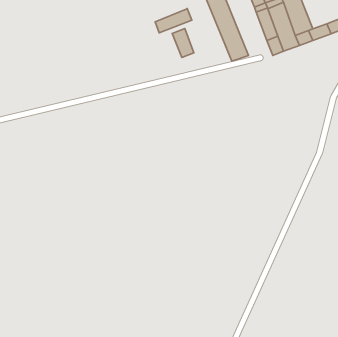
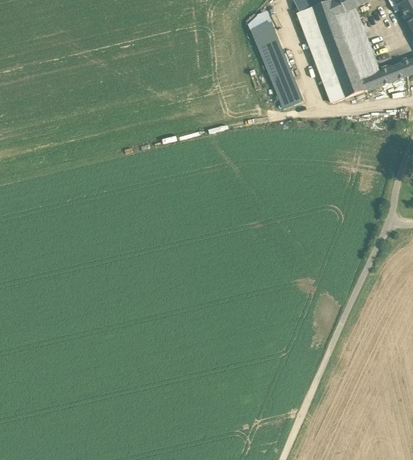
building: [155,9,192,33] -> none
building: [172,28,194,57] -> none

